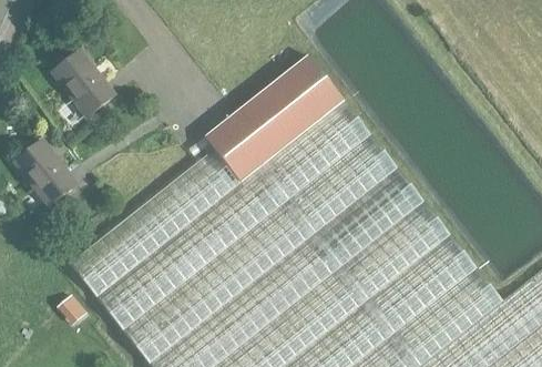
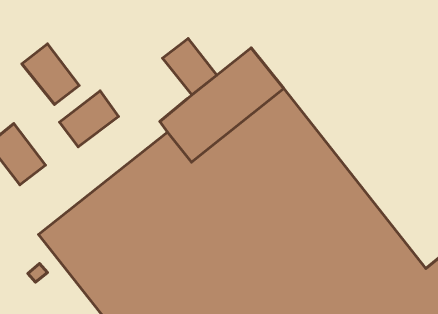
building: none -> [162,38,217,95]
building: none -> [59,91,119,147]

